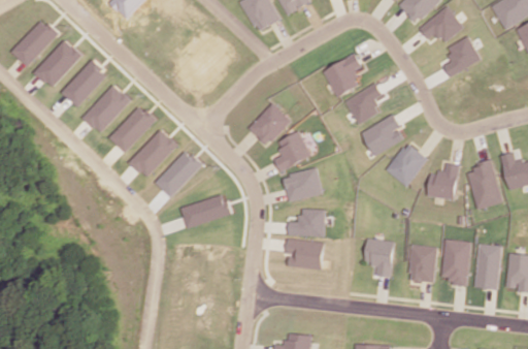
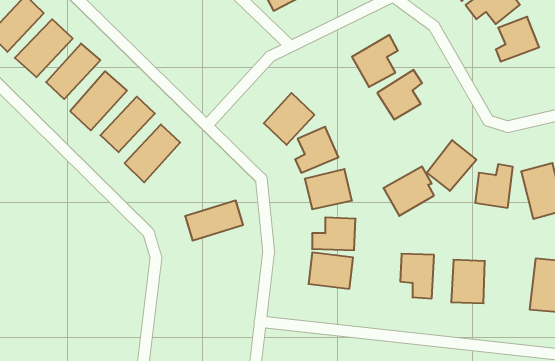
building: [360,114,403,156] -> [383,166,434,216]
building: [154,150,200,197] -> none
building: [439,239,471,286] -> none

